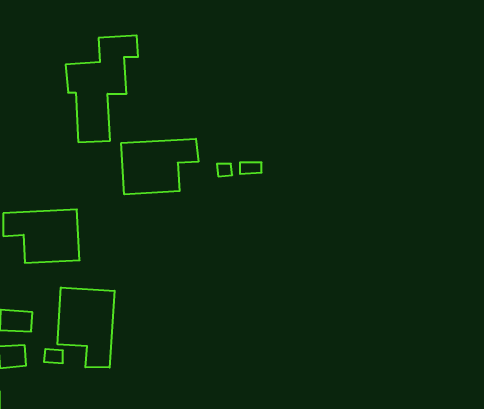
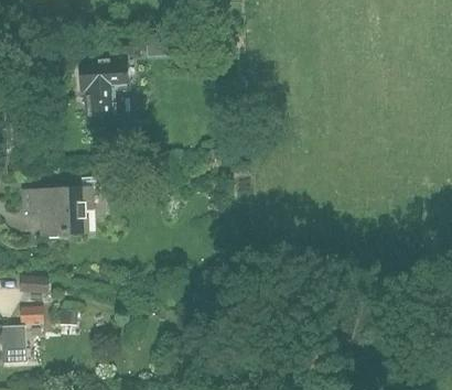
building: [121,139,198,194] -> none
building: [58,287,115,368] -> none

